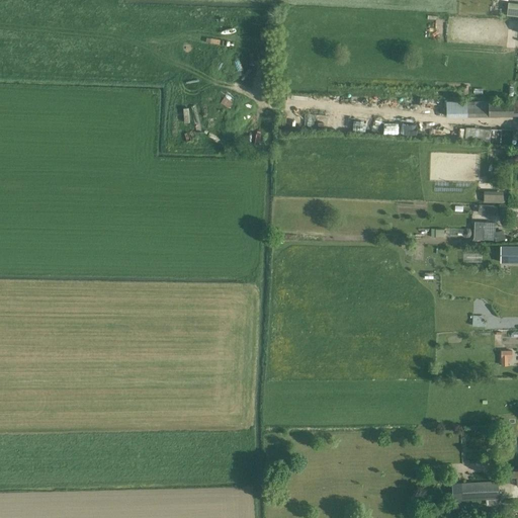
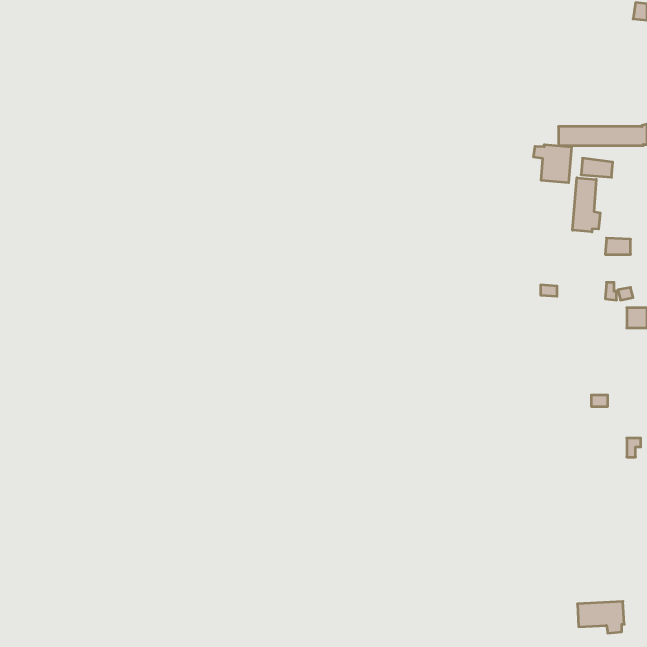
building: none -> [534,145,572,183]
building: none -> [573,178,600,232]

